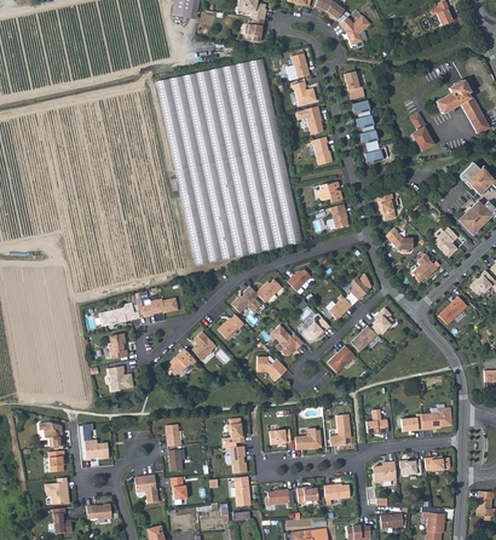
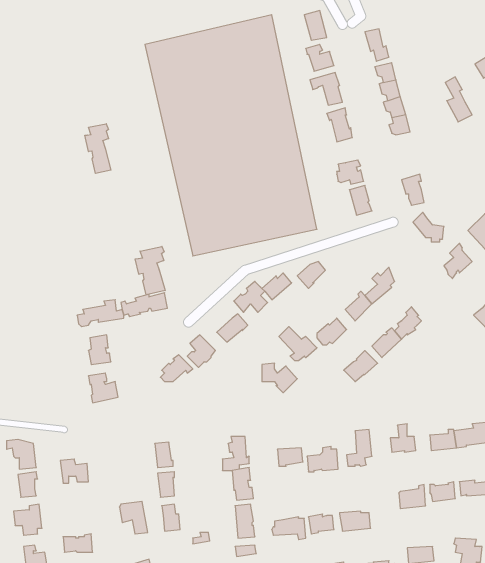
building: none -> [85,124,111,173]
building: none -> [135,246,165,295]

